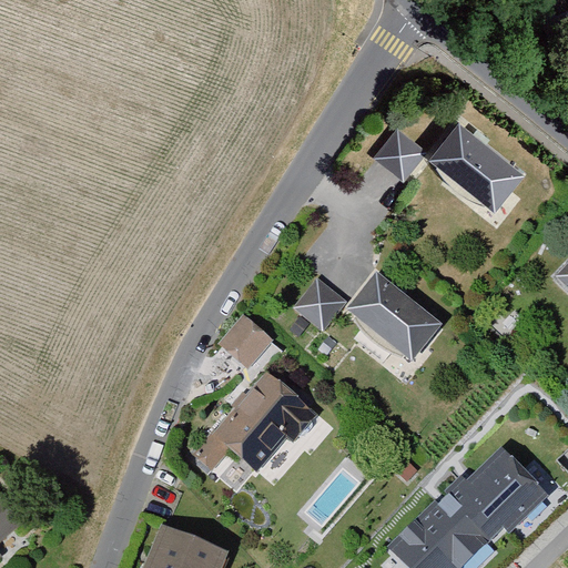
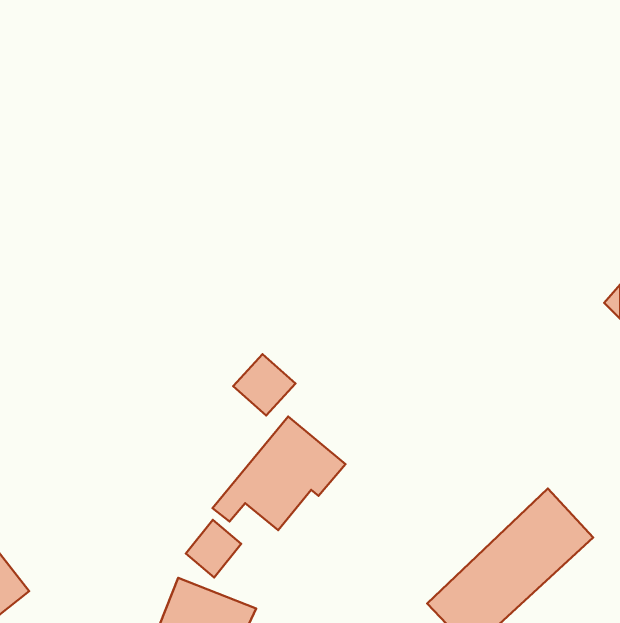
building: [369,121,525,212] -> none
building: [288,271,443,361] -> none
building: none -> [186,520,241,577]

